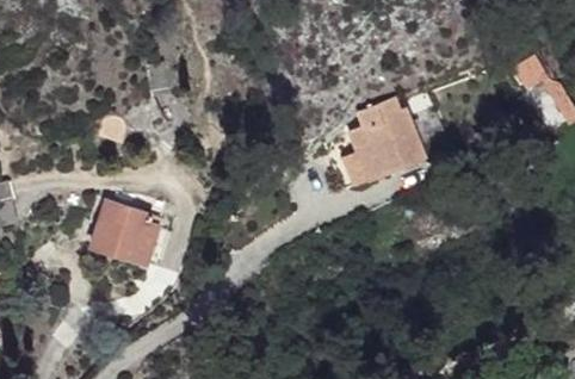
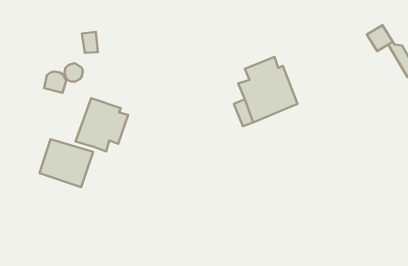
building: none -> [76,98,128,151]

